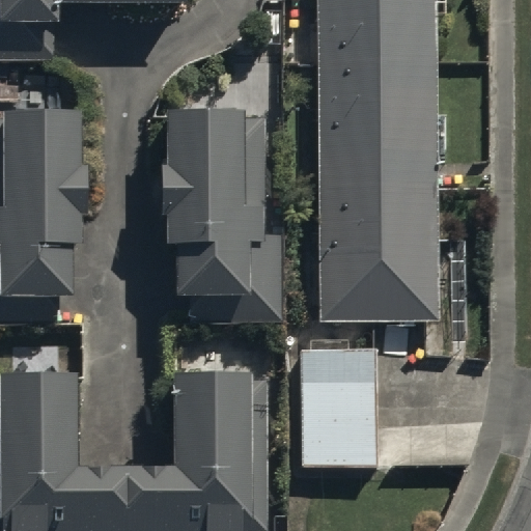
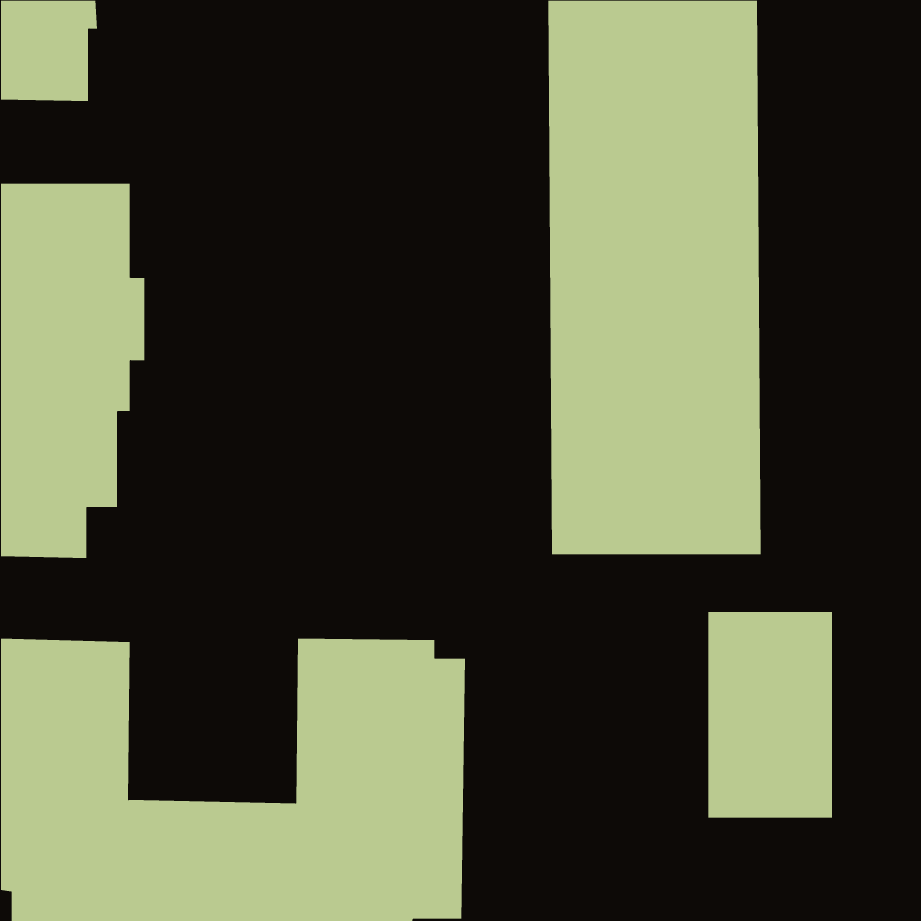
building: [160,106,284,326] -> none
building: [302,348,373,467] -> [708,611,833,818]

